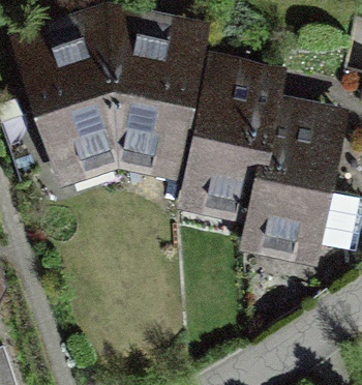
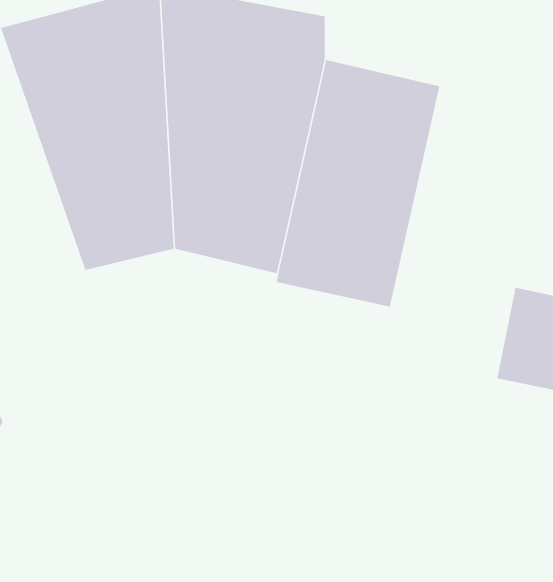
building: [246,102,336,242] -> none

